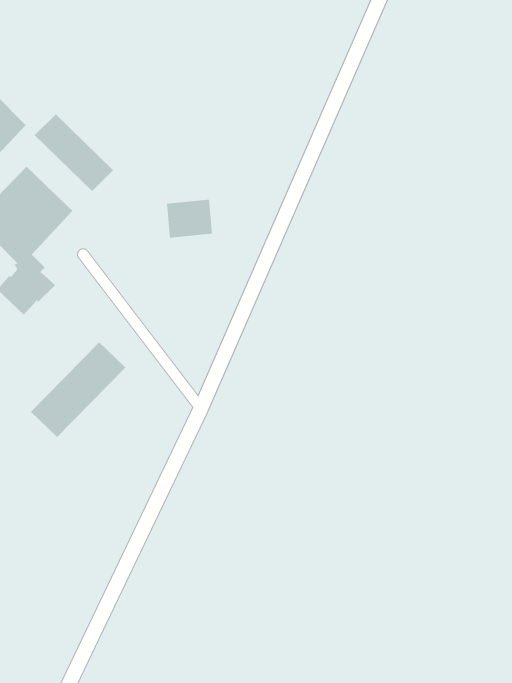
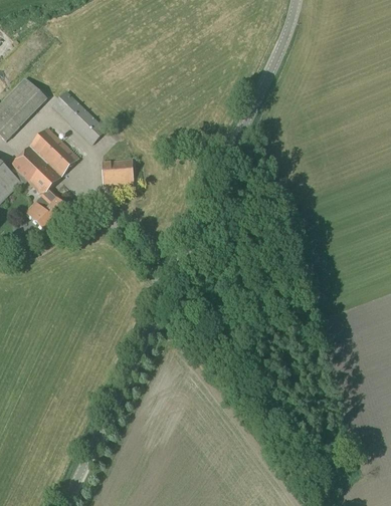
building: [166,199,213,238] -> [102,158,134,185]
building: [30,341,126,438] -> none

